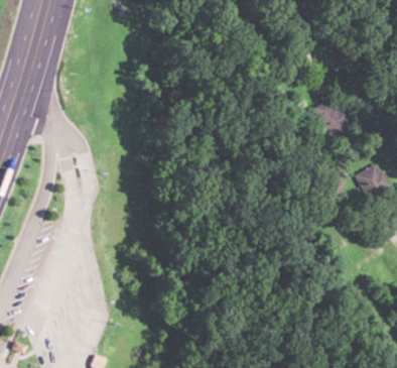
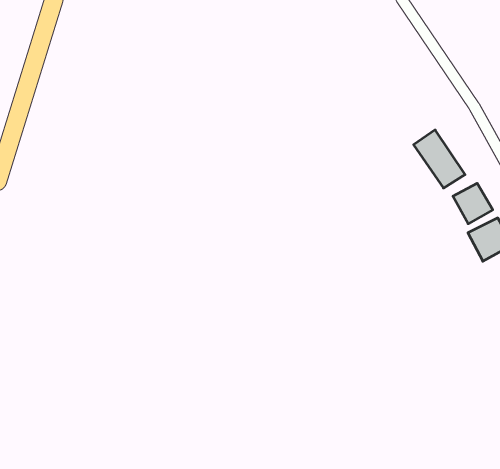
building: none -> [453,183,493,224]

